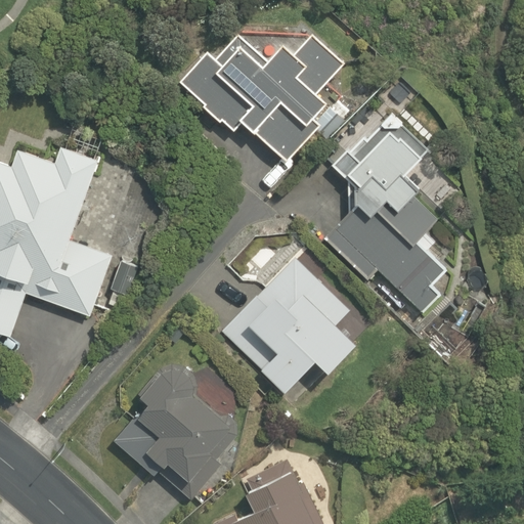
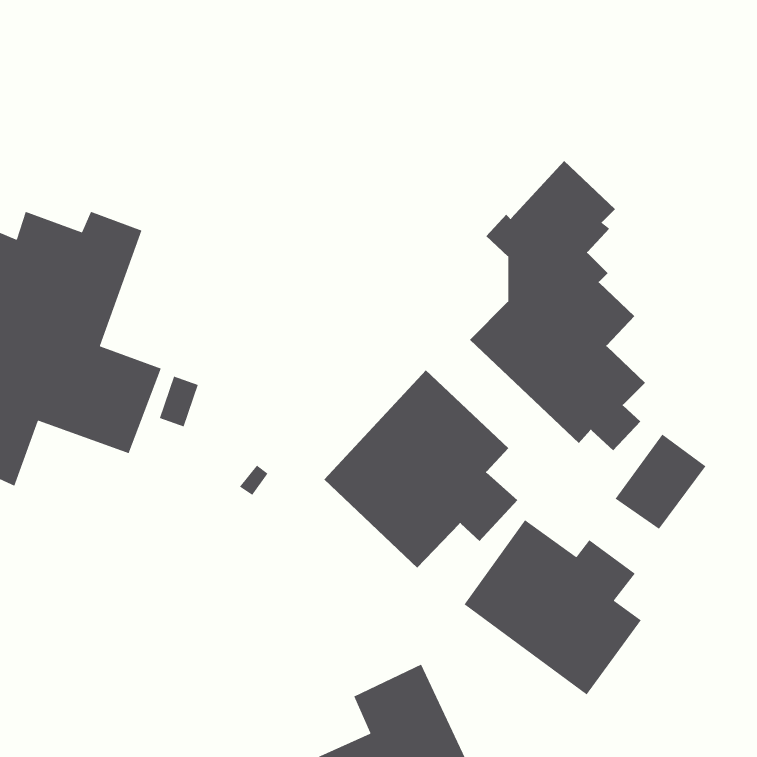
building: [180,34,344,162] -> none
building: none -> [463,519,642,695]
building: [115,363,245,504] -> none

